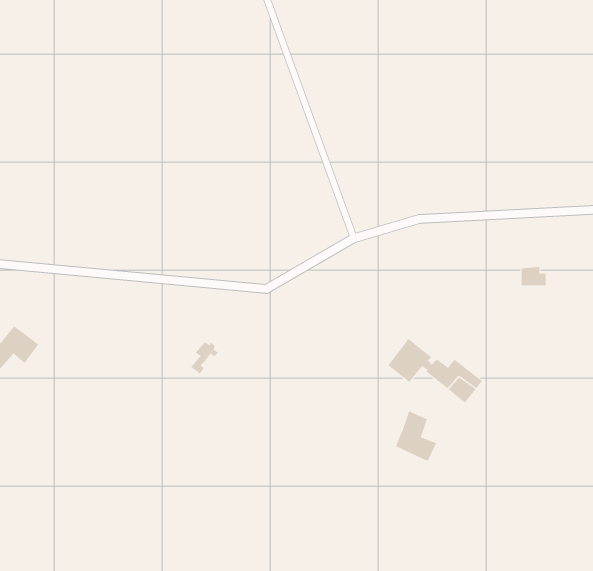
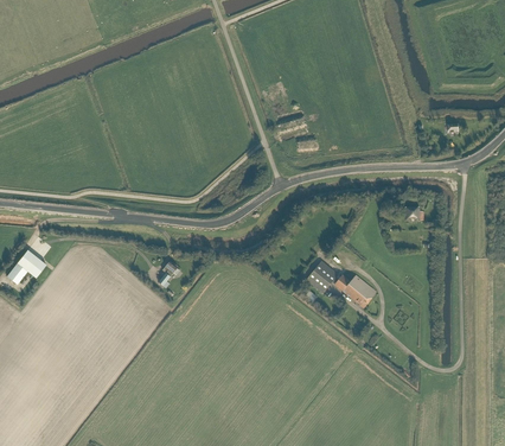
building: [395,410,437,462] -> none

